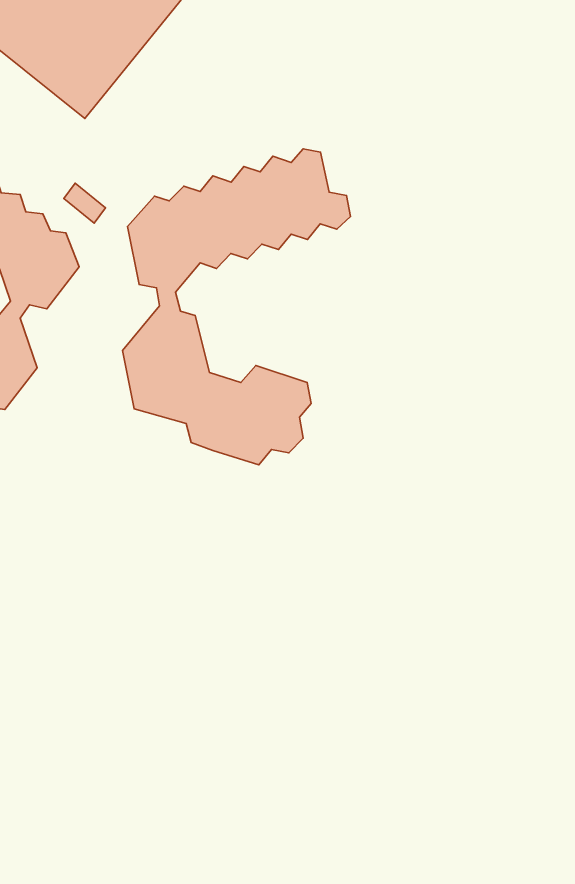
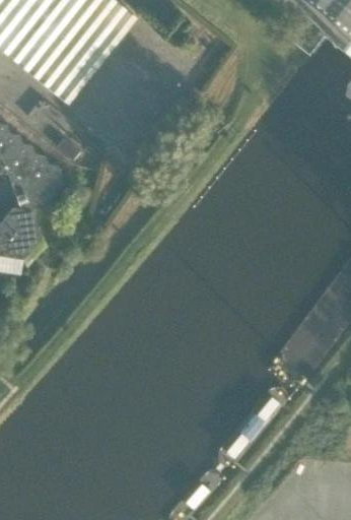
building: [122,149,350,465] -> none

